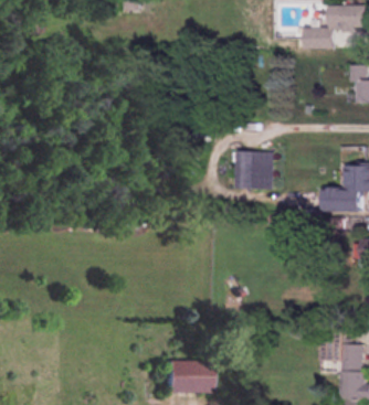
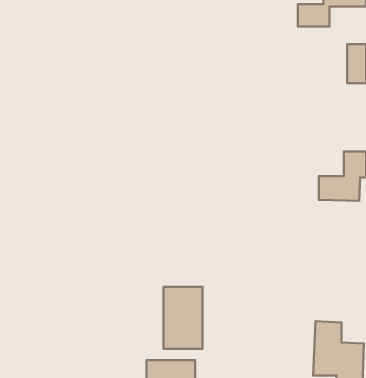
building: [238,151,273,189] -> none
building: none -> [164,287,202,349]

